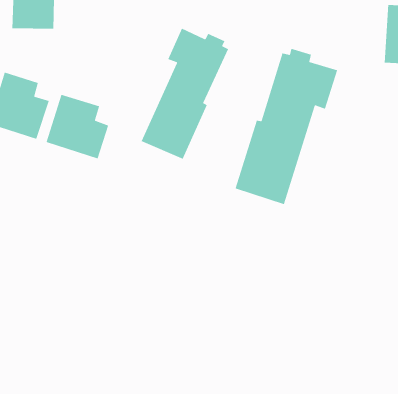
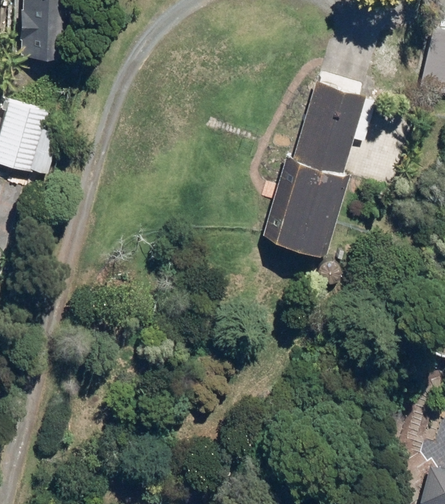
building: [140,28,229,160] -> none
building: [45,94,109,159] -> none

